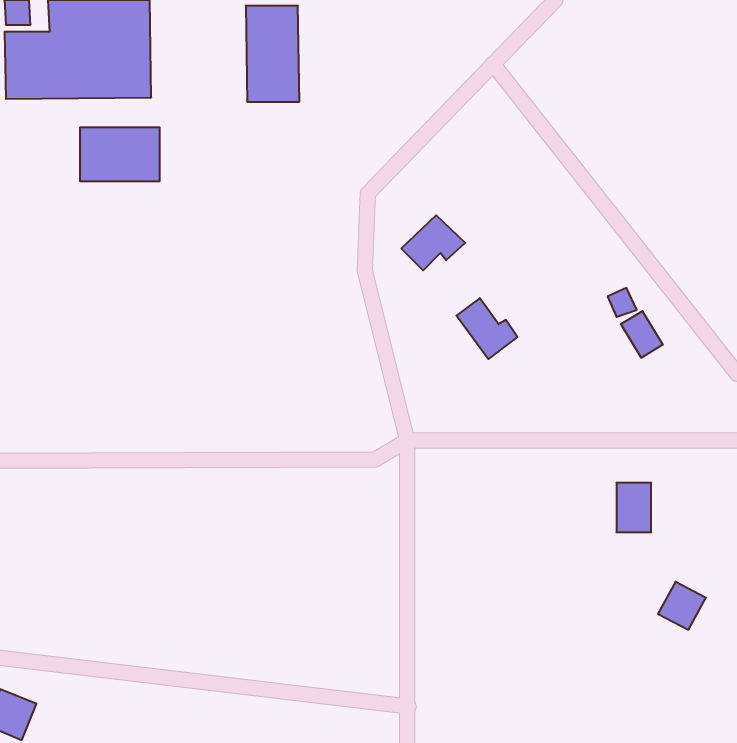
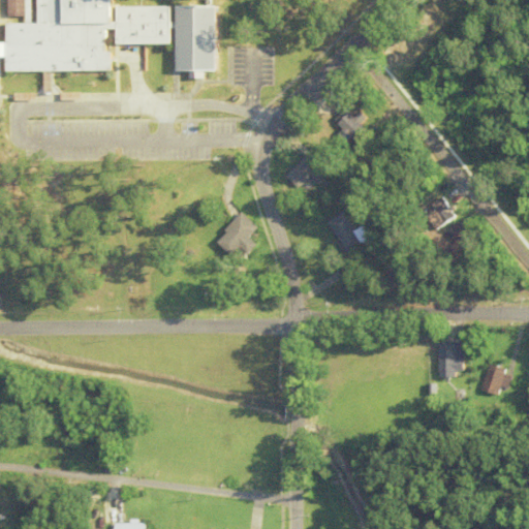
building: [80,127,160,181] -> [114,7,170,45]
building: none -> [333,105,370,142]
building: none -> [214,214,255,257]
building: [658,582,706,630] -> [479,364,514,398]

